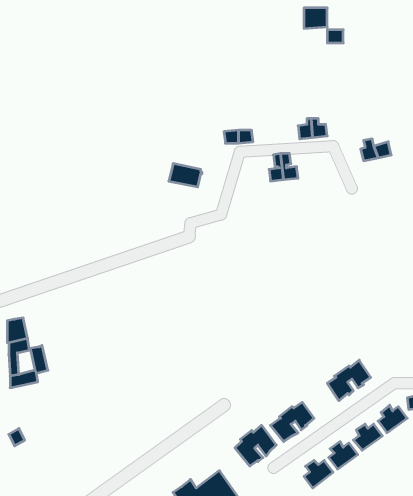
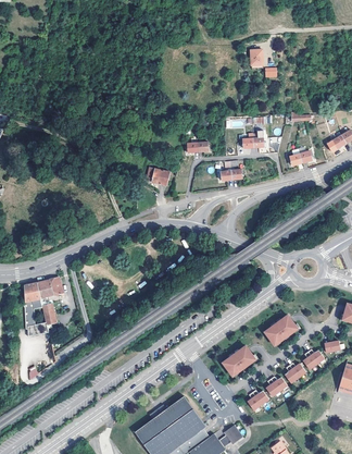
building: none -> [37,278,63,306]
building: [235,425,276,466] -> none

